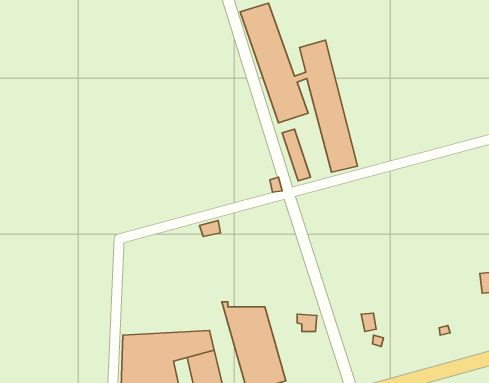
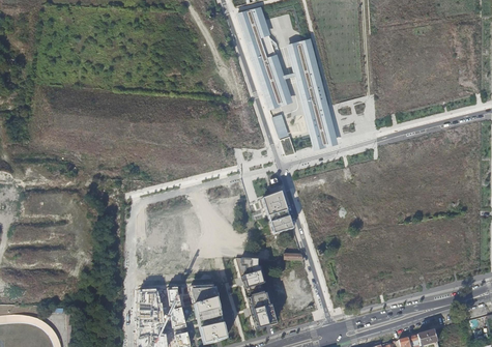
building: none -> [266,191,296,233]

